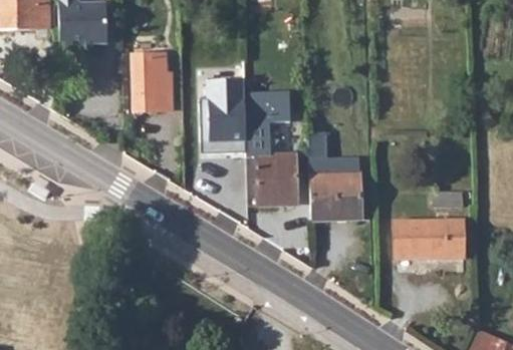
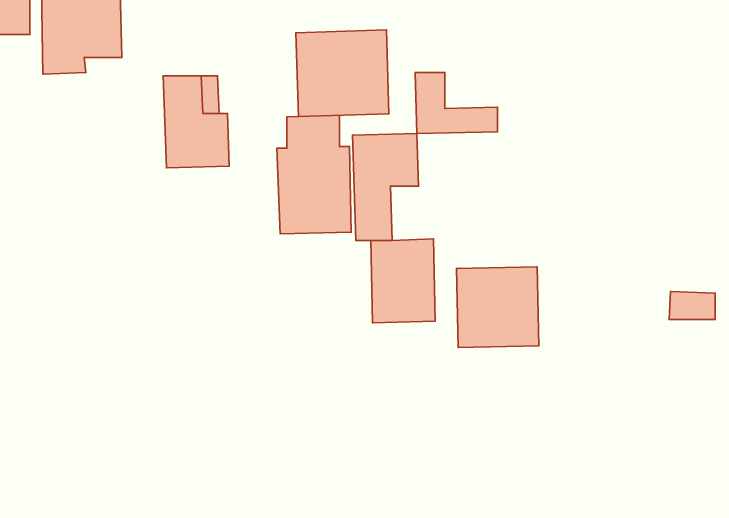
building: none -> [296,30,389,117]
building: [309,135,359,172] -> [415,72,498,133]
building: [396,223,463,263] -> none

